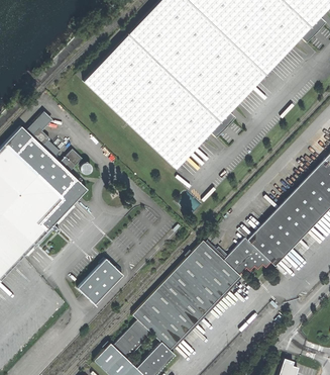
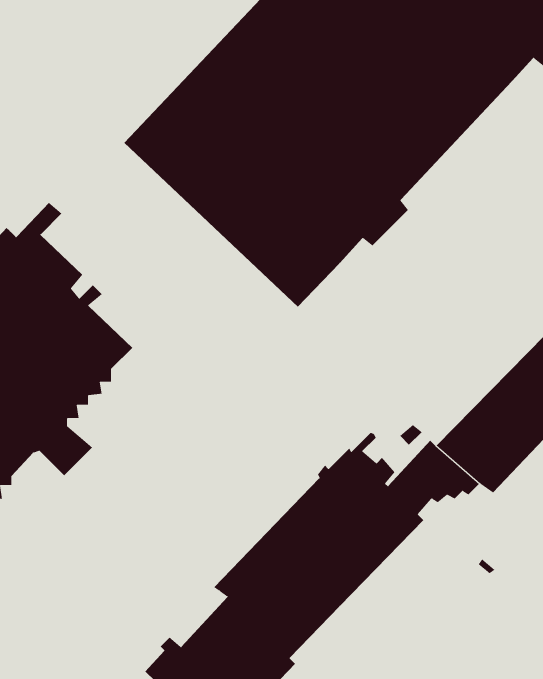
building: [78,257,124,304] -> none

